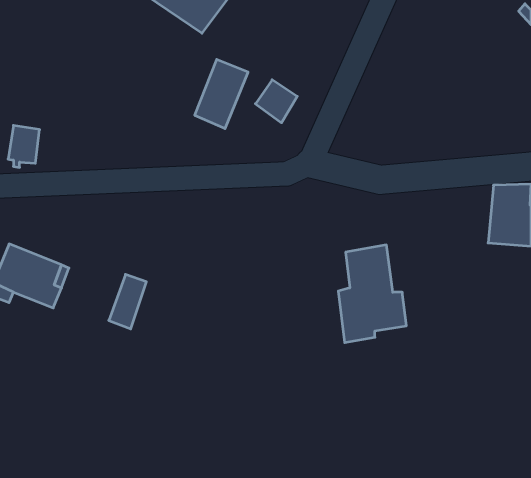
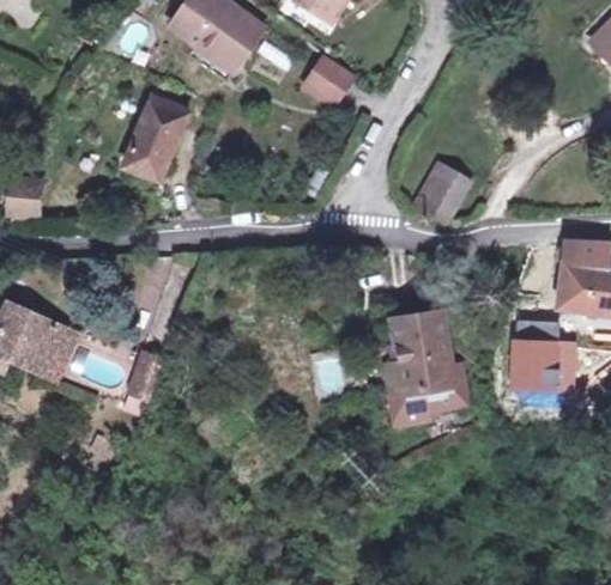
building: [195,59,248,129] -> [126,93,187,172]
building: [255,80,297,123] -> [311,56,359,105]
building: none -> [413,160,470,220]
building: none -> [507,319,574,389]

